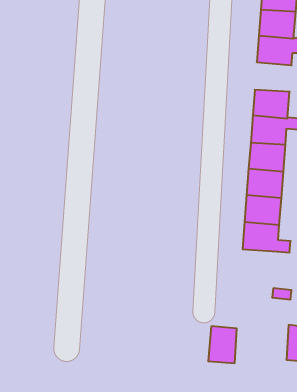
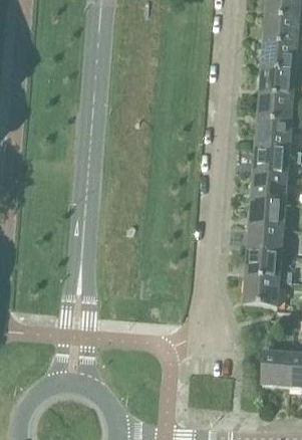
building: none -> [258,85,294,115]
building: none -> [244,269,280,298]
building: [208,326,237,363] -> [263,342,291,378]

